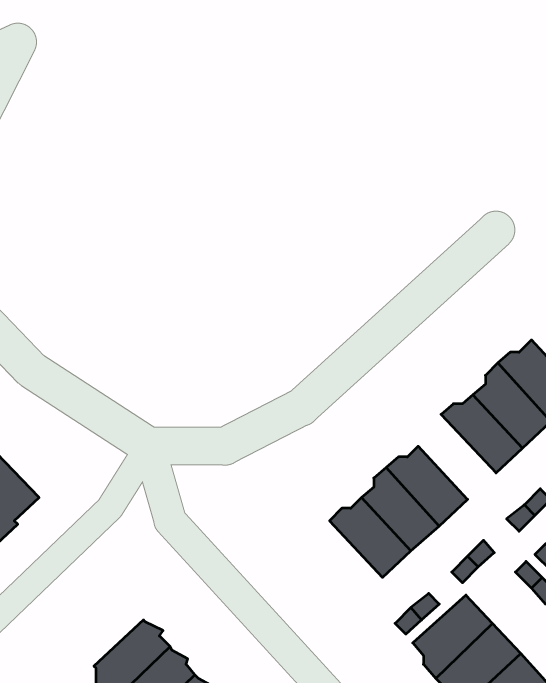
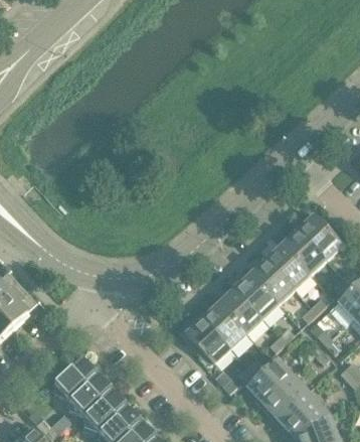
building: none -> [251,256,296,304]
building: none -> [187,316,231,363]
building: none -> [52,356,96,399]

